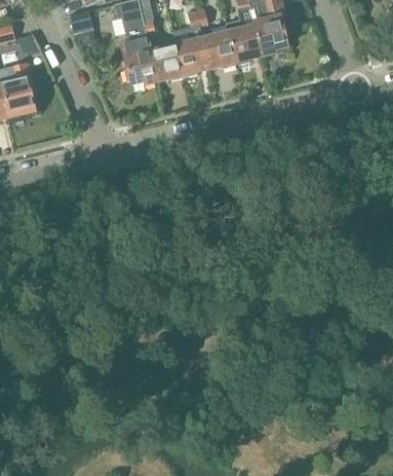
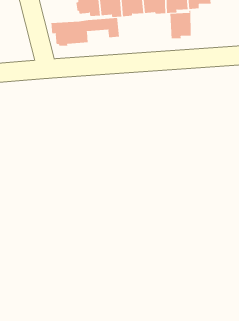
building: none -> [170,10,191,39]
building: none -> [51,17,119,47]

